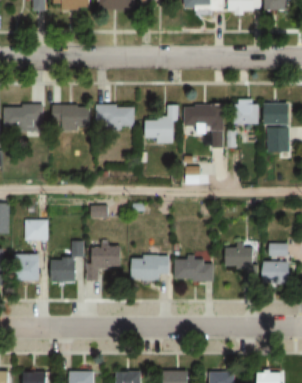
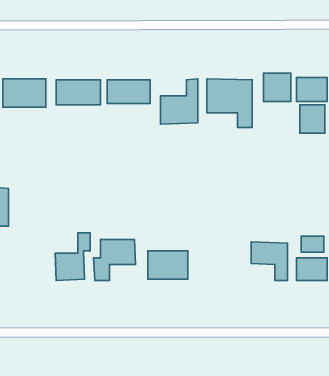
building: [23,220,47,240] -> none
building: [17,254,41,283] -> none
building: [175,260,214,282] -> none

